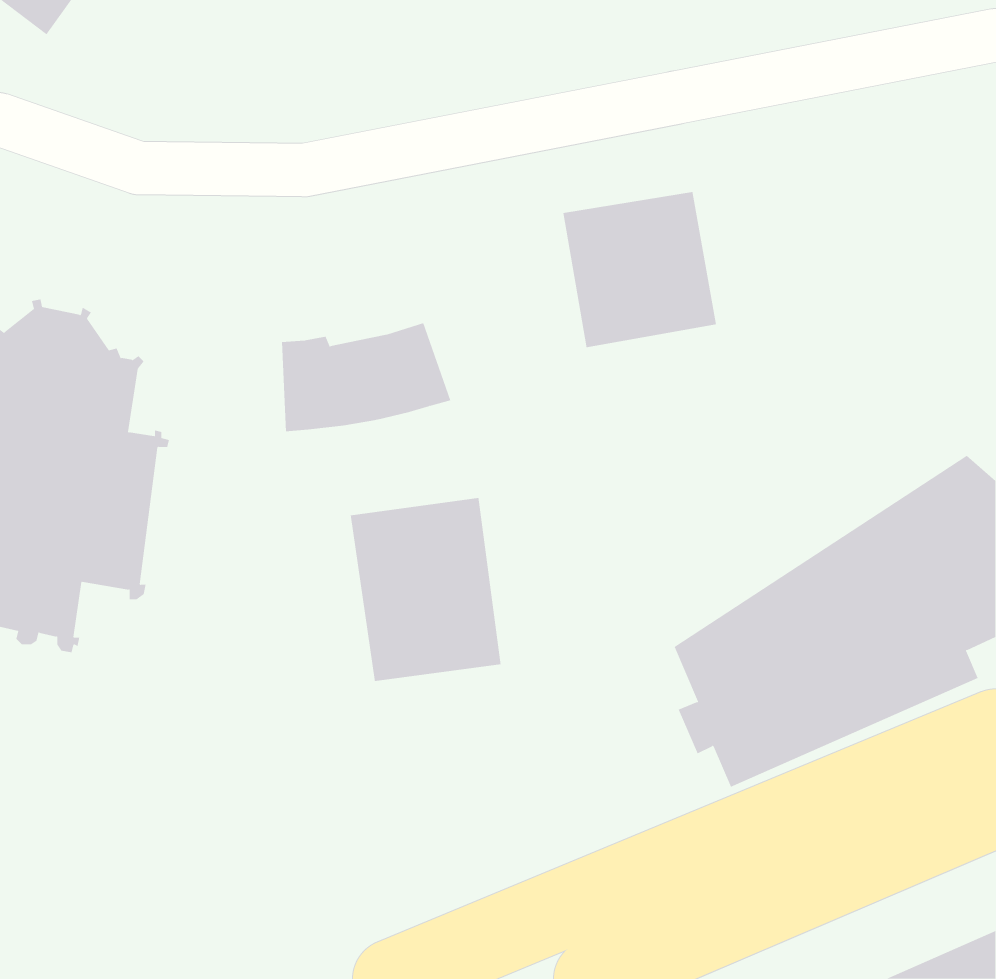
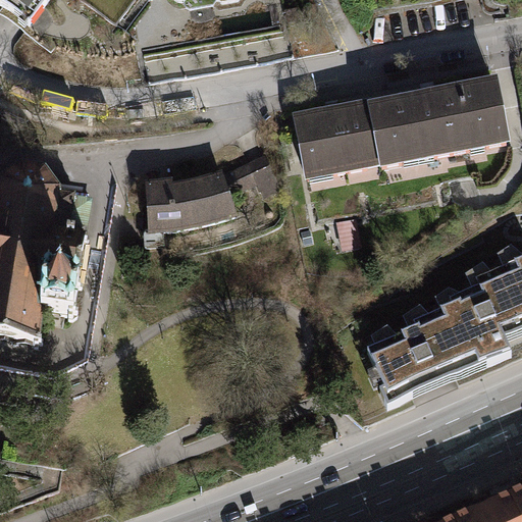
building: none -> [362,76,509,169]
building: none -> [229,153,276,197]
building: [350,497,501,682] -> none

